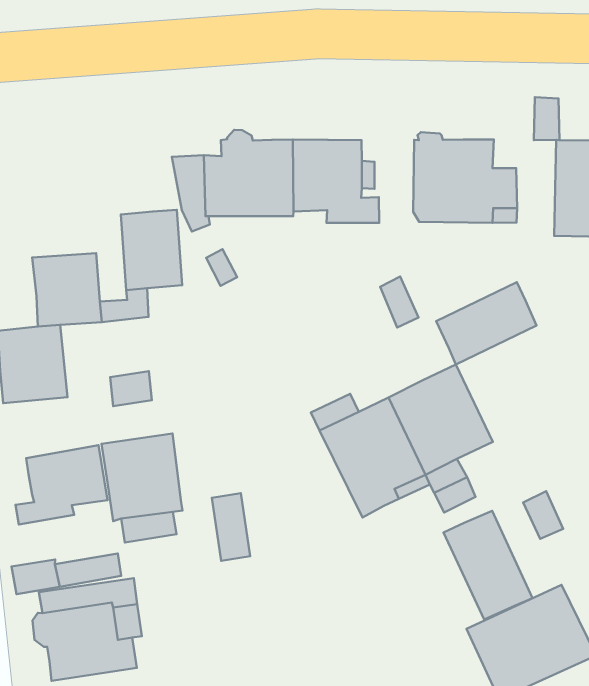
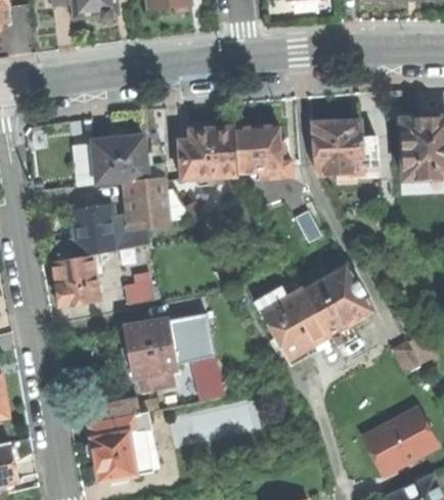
building: none -> [91,135,145,184]
building: [436,282,537,365] -> none
building: none -> [166,312,212,363]
building: [15,445,107,524] -> none
building: [444,511,533,620] -> none

